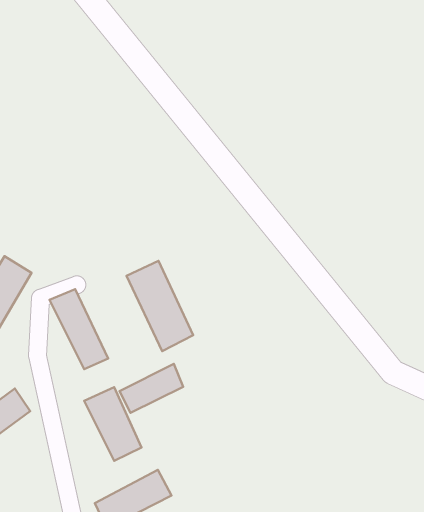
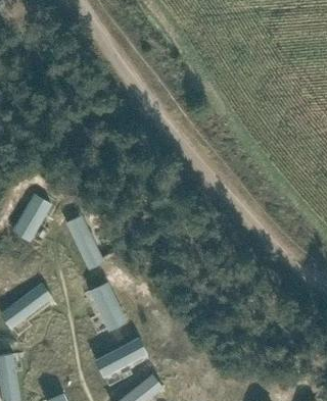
building: [126,261,193,351] -> none
building: [119,364,183,413] -> none

